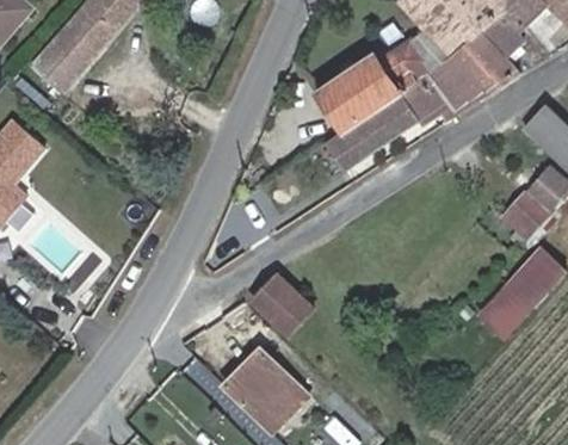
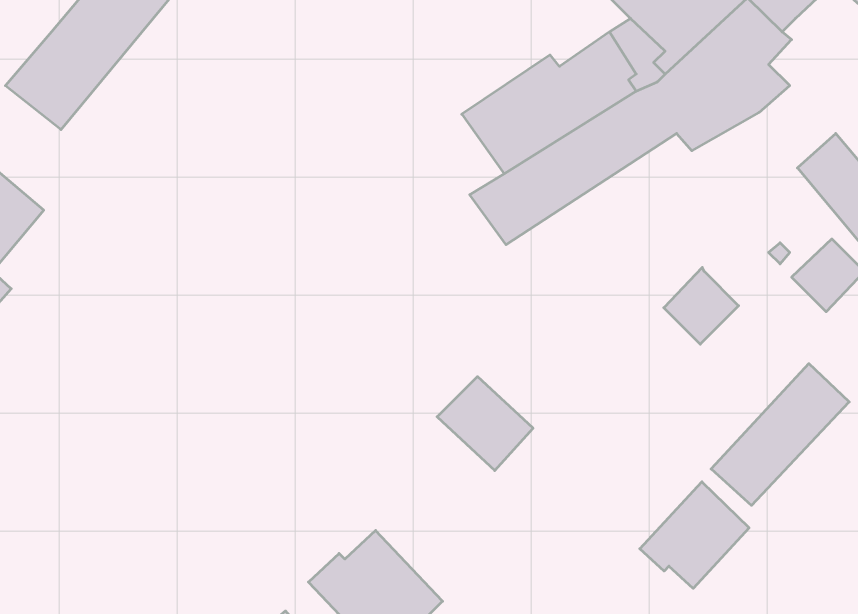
building: [496,188,543,236] -> [664,267,739,344]
building: [251,271,310,329] -> [437,377,533,471]
building: none -> [640,482,749,588]

